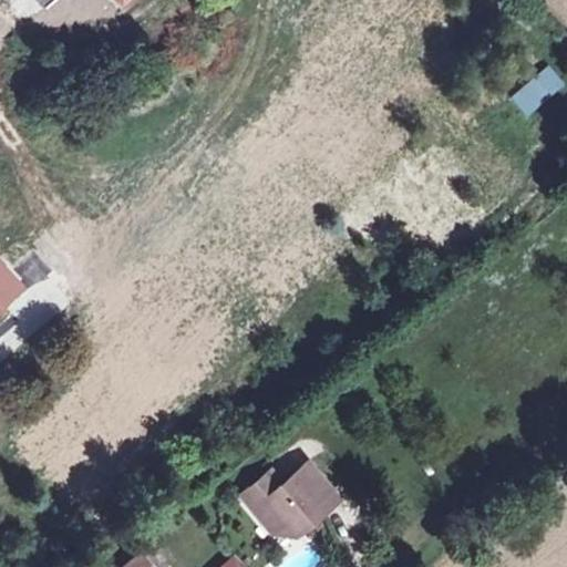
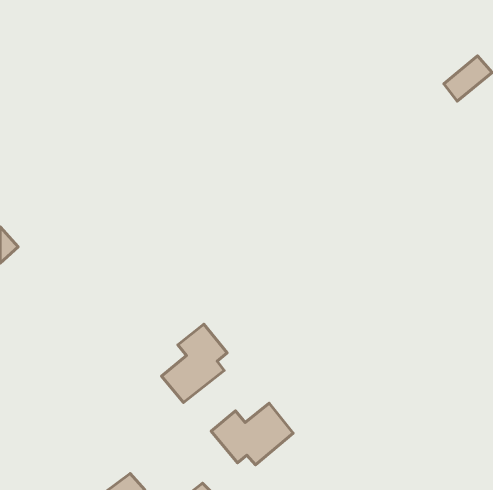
building: none -> [161,324,227,403]

